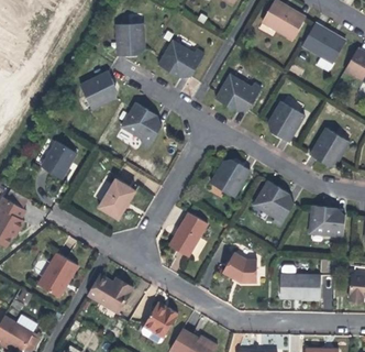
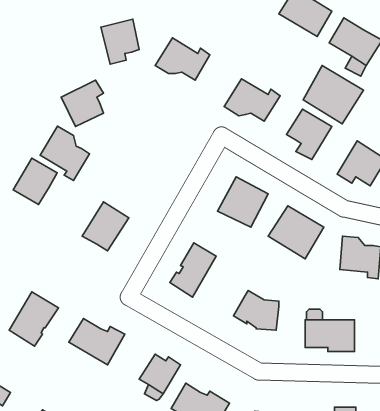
building: none -> [303,65,363,124]
building: [121,103,162,148] -> [40,126,89,180]

